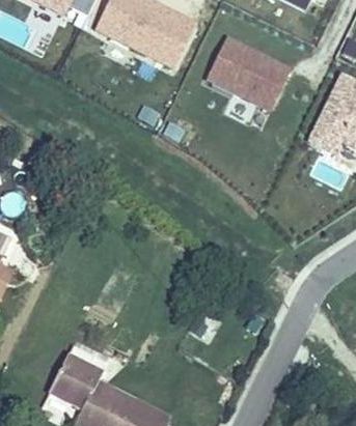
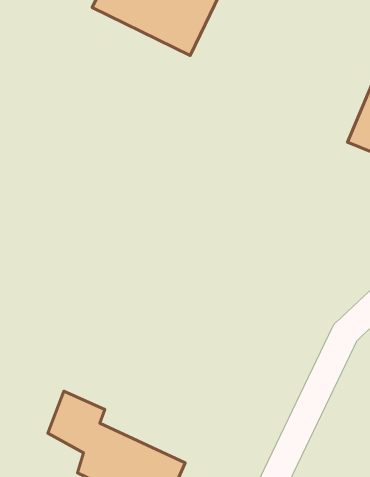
building: [206,36,293,112] -> none

